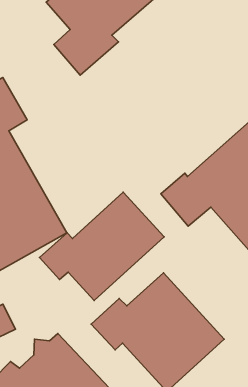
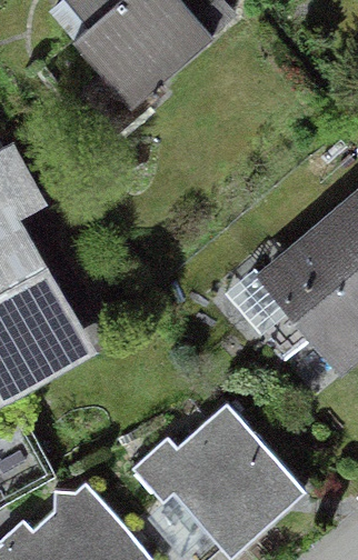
building: [40,192,164,301] -> none

